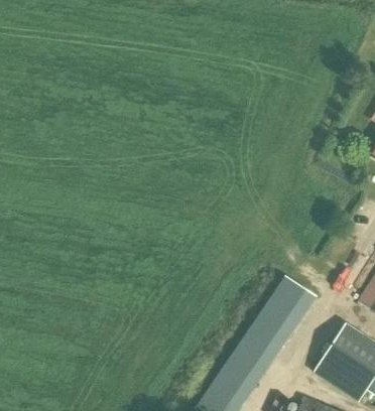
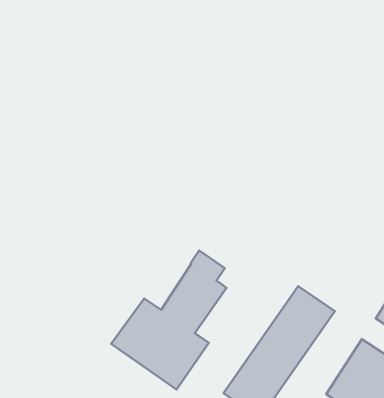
building: none -> [111,250,227,389]

